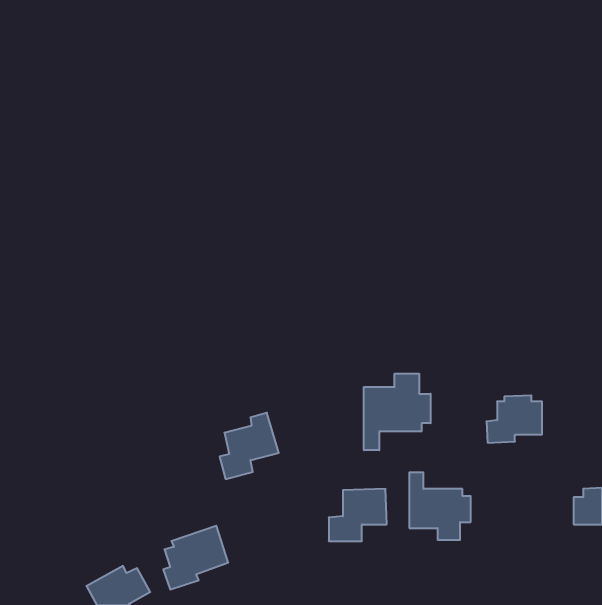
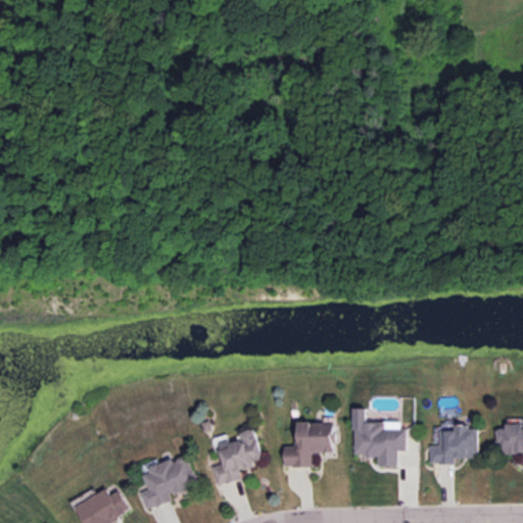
building: [364,374,431,450] -> none
building: [486,395,542,443] -> [429,423,477,464]
building: [220,413,279,479] -> [212,428,264,485]

